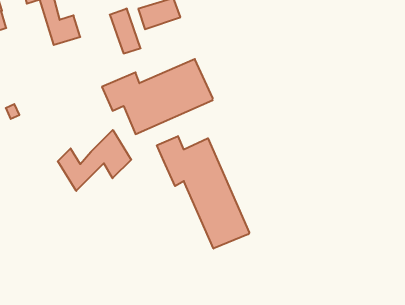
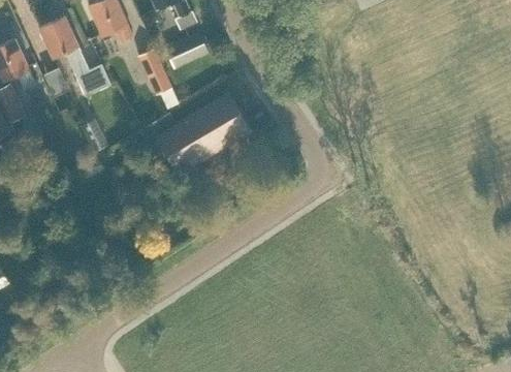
building: [58,130,131,191] -> none
building: [157,136,249,249] -> none

